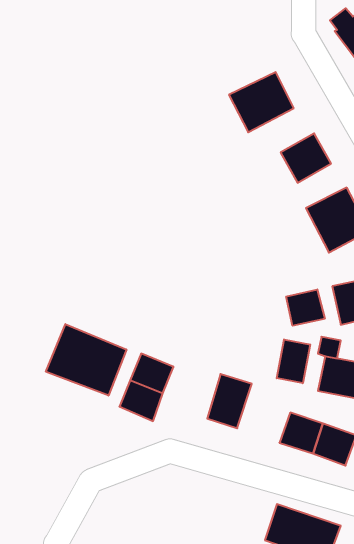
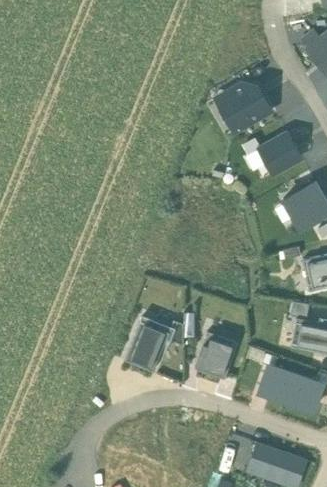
building: [286,289,325,326] -> none
building: [46,324,126,396] -> none
building: [277,339,310,383] -> none

